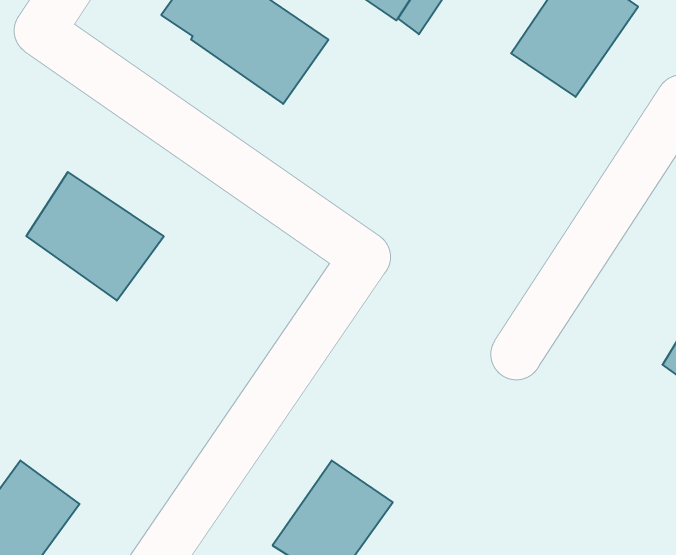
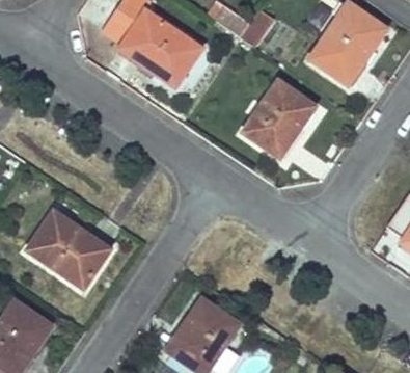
building: none -> [244,82,315,158]
building: [26,172,164,301] -> [28,211,110,288]

